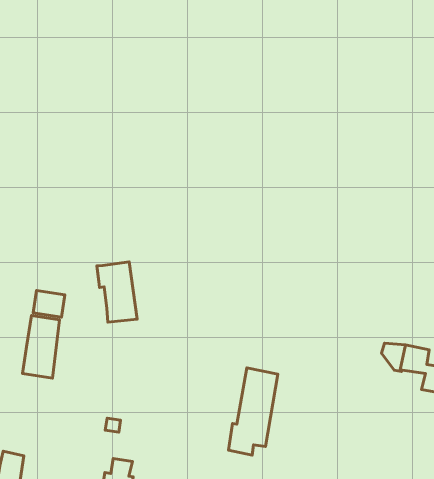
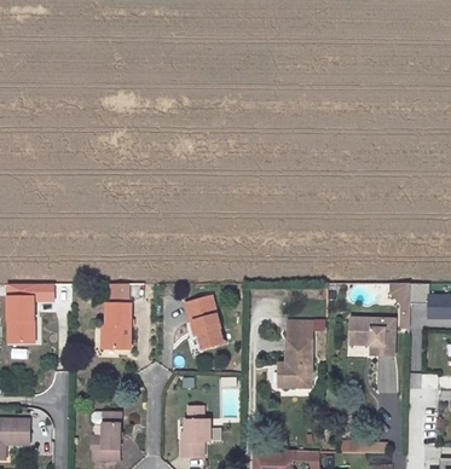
building: [97,262,137,322] -> [187,299,226,349]
building: none -> [352,318,395,355]

